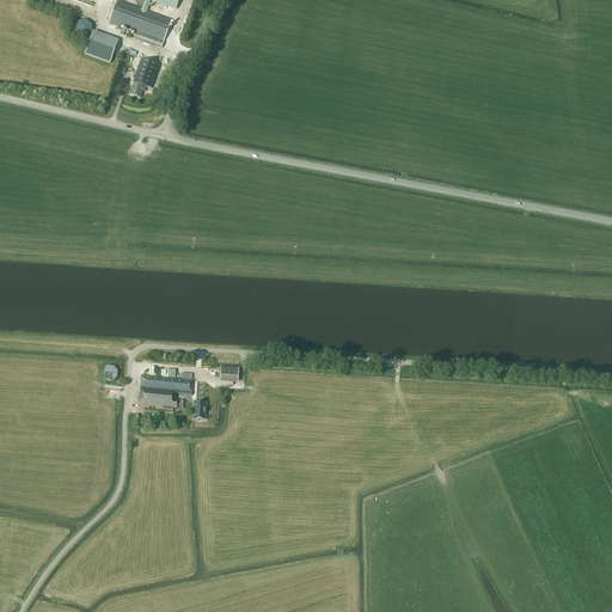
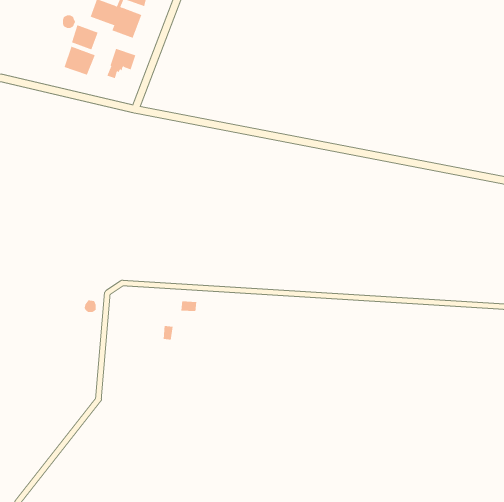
building: none -> [64,46,95,76]
building: [139,374,192,409] -> none

